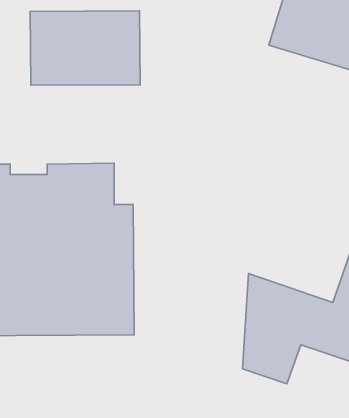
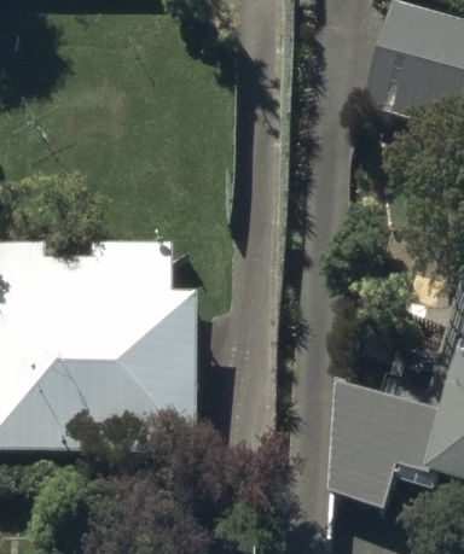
building: [30,11,140,85] -> none

